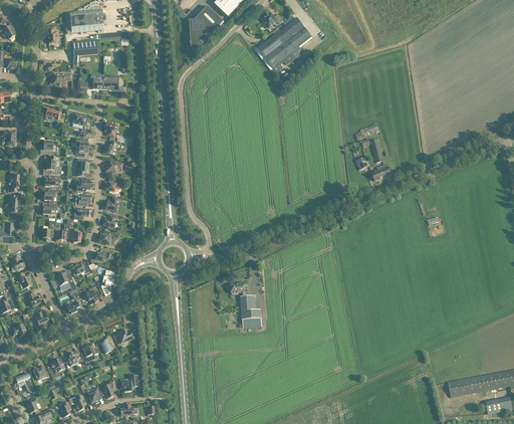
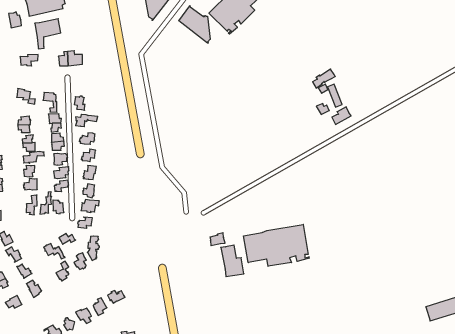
building: none -> [179,6,210,43]
building: none -> [244,224,309,266]

